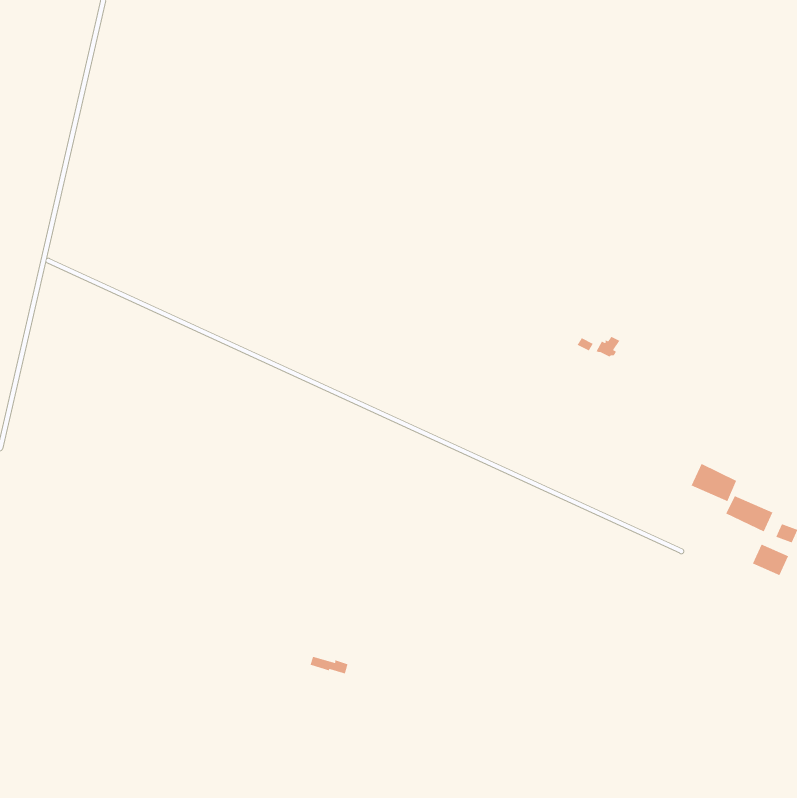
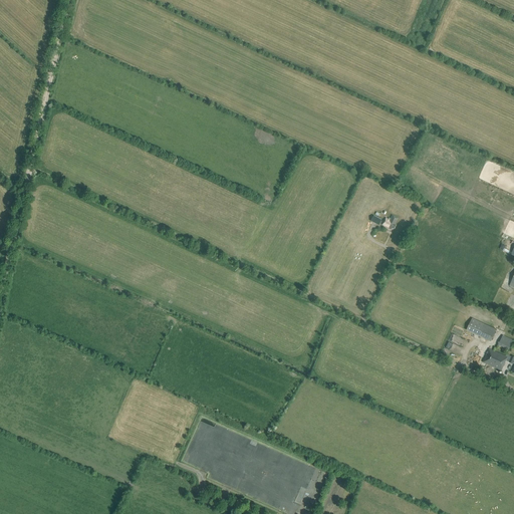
building: [691,463,737,502] -> none

